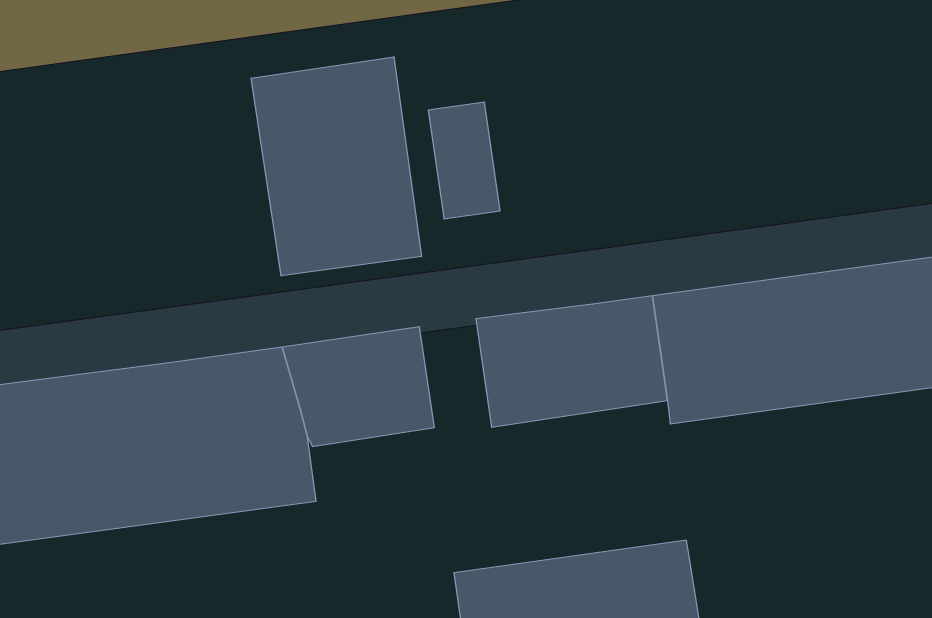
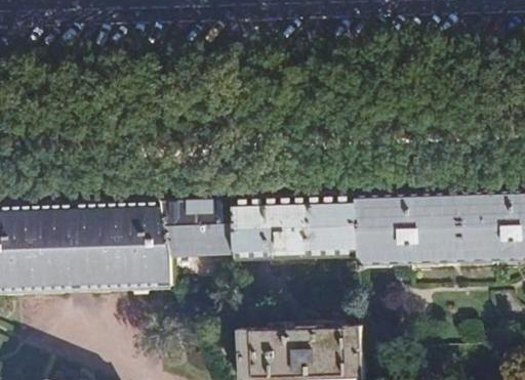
building: [251,57,422,276] -> none
building: [428,102,500,219] -> [235,199,267,257]

